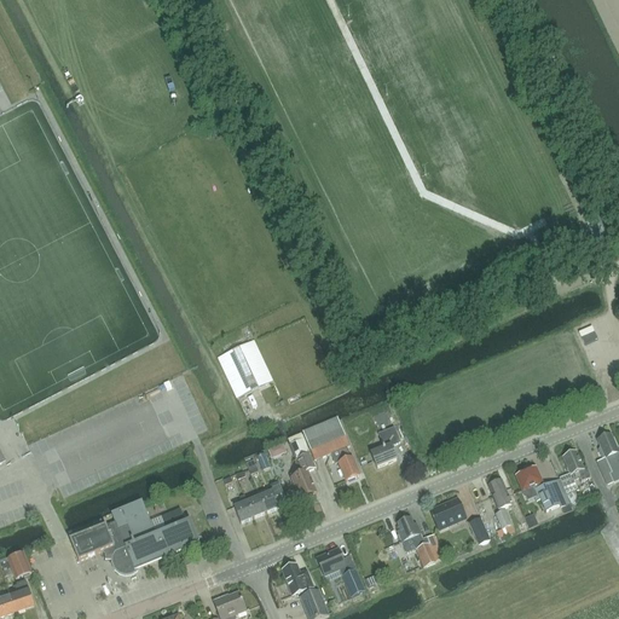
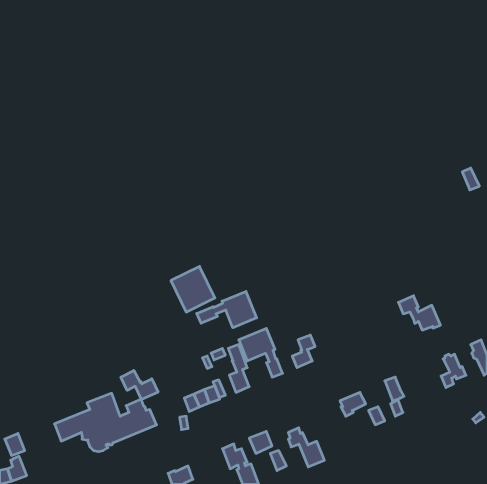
building: none -> [197,291,257,328]
building: [515,464,568,508] -> [398,296,440,330]
building: none -> [121,370,158,400]
building: [397,515,442,565] -> [288,428,324,467]

